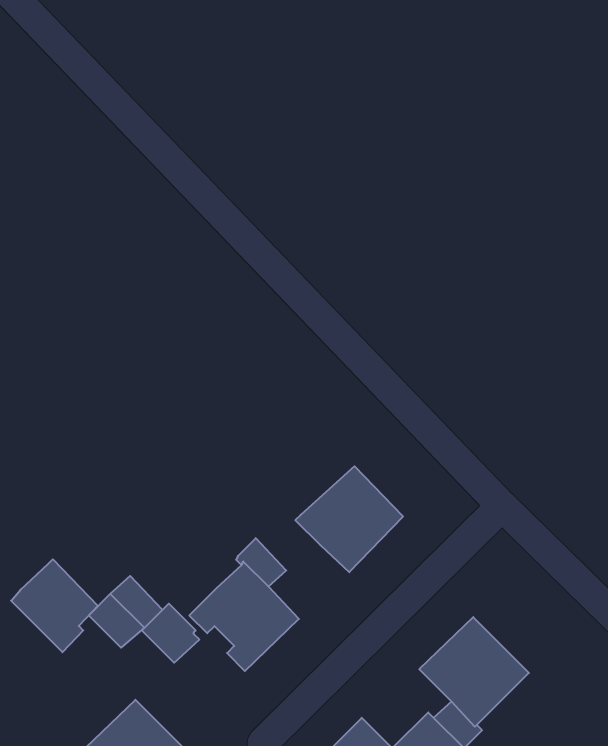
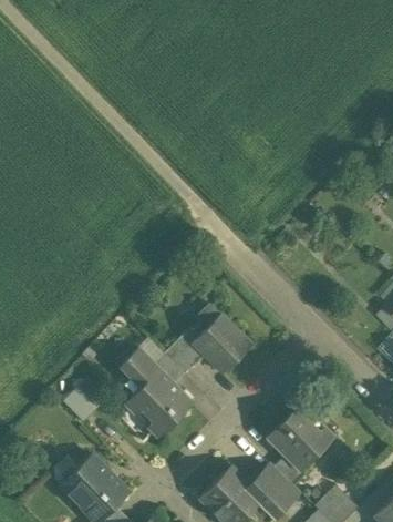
building: none -> [165,334,205,377]
building: [11,559,98,652] -> none
building: [142,604,199,663] -> [121,349,156,386]

